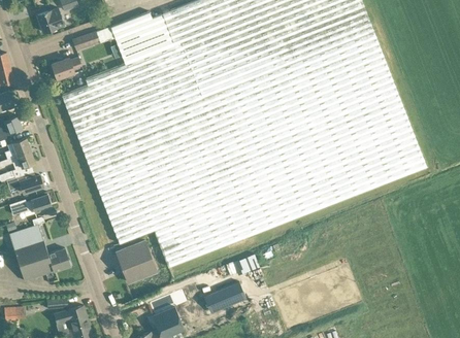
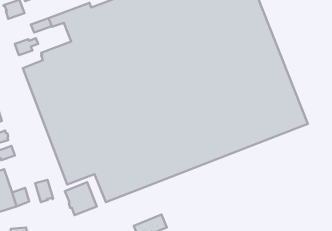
building: none -> [35,180,53,202]

